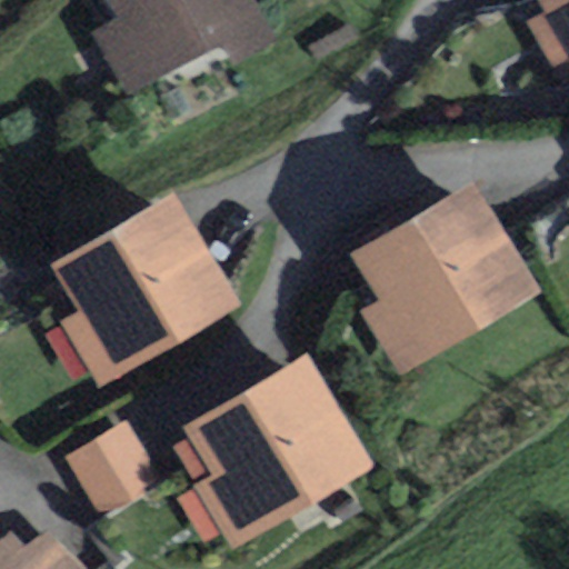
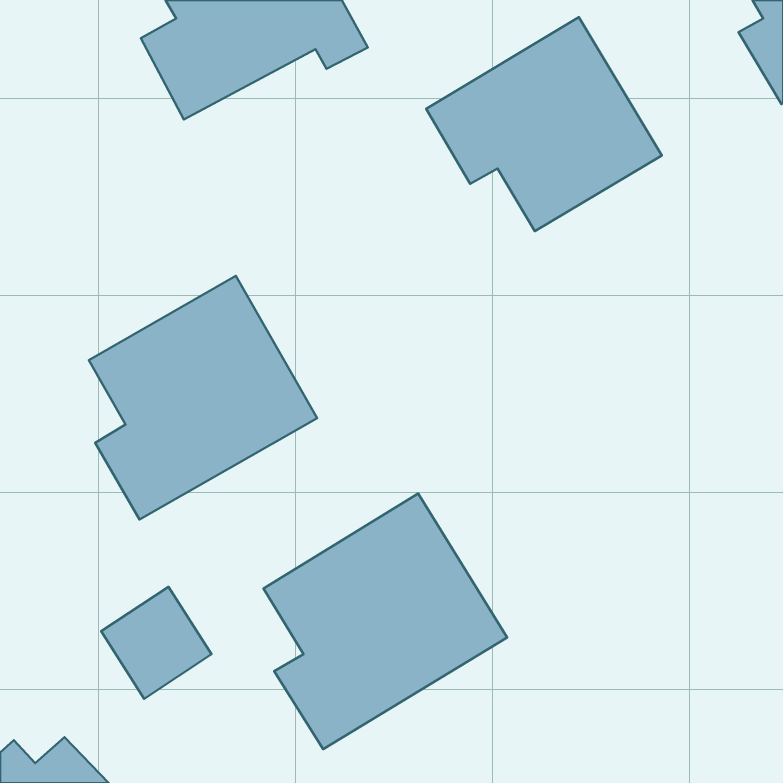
building: none -> [426,17,662,231]
building: [367,189,533,367] -> none

